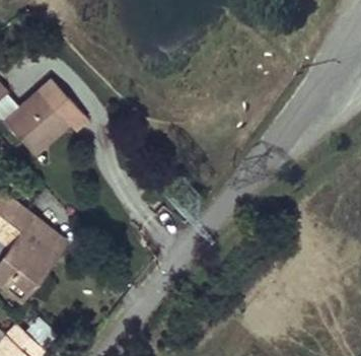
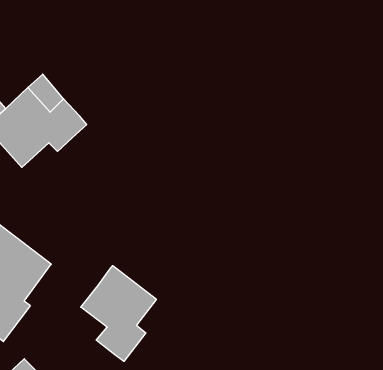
building: none -> [81,266,156,361]

